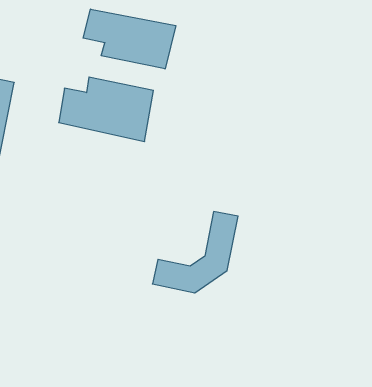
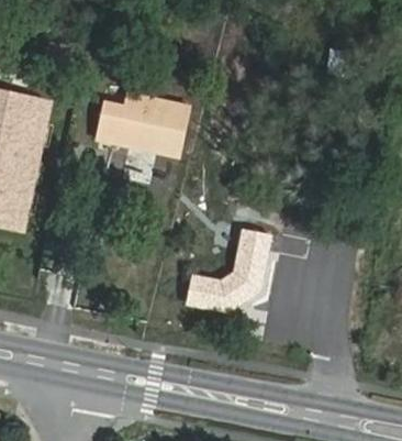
building: [83,9,176,69] -> none

